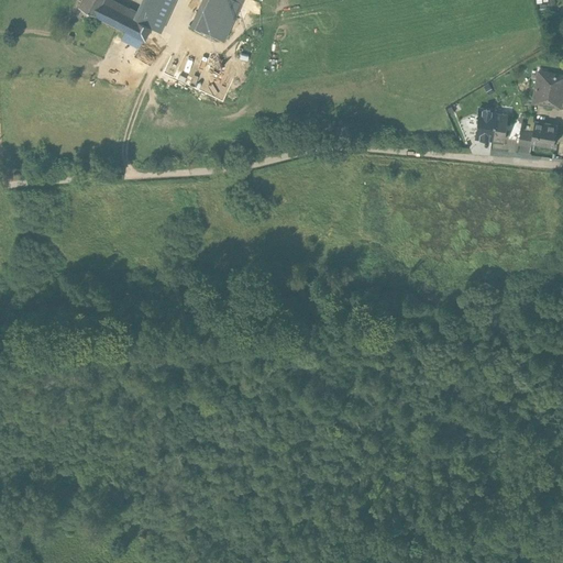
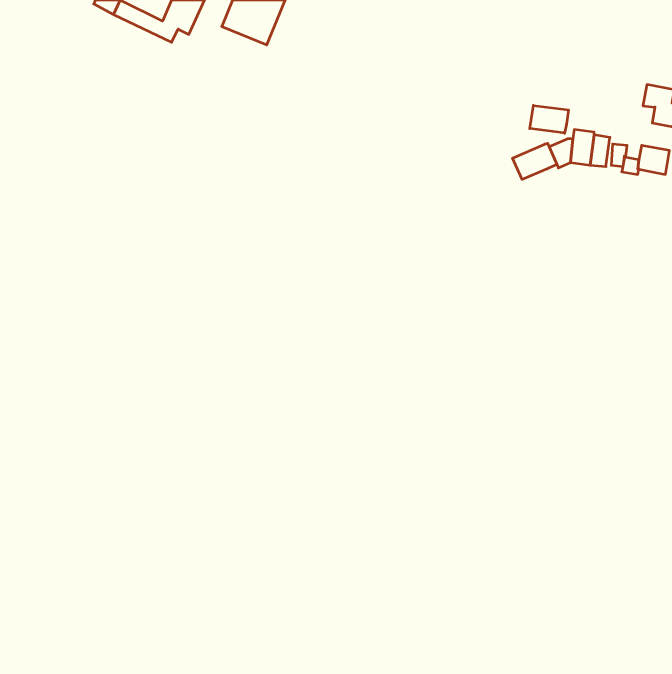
building: none -> [530,105,568,133]
building: none -> [513,143,557,179]

